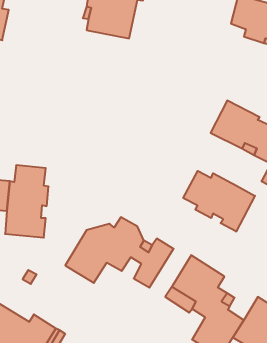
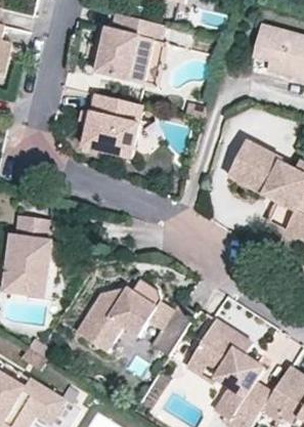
building: none -> [82,89,144,153]
building: [183,171,255,232] -> none

